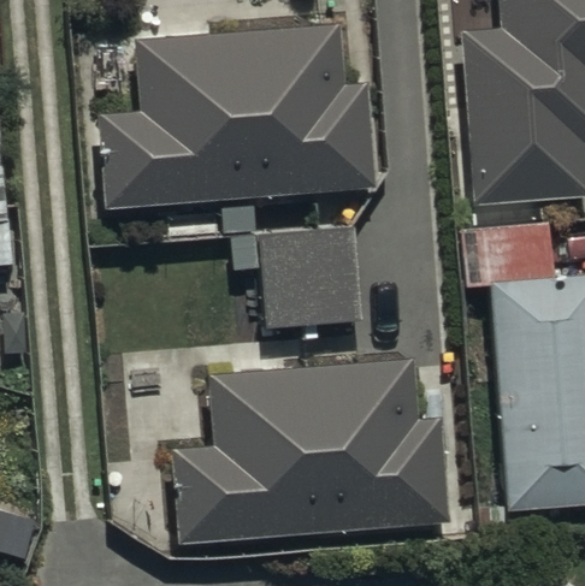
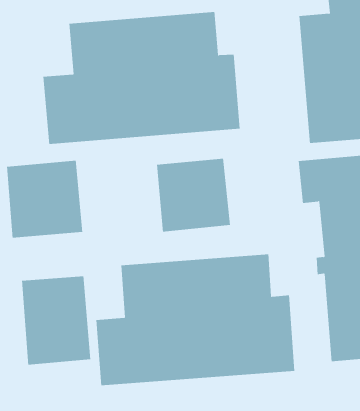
building: none -> [6,160,83,238]
building: none -> [21,276,91,365]

